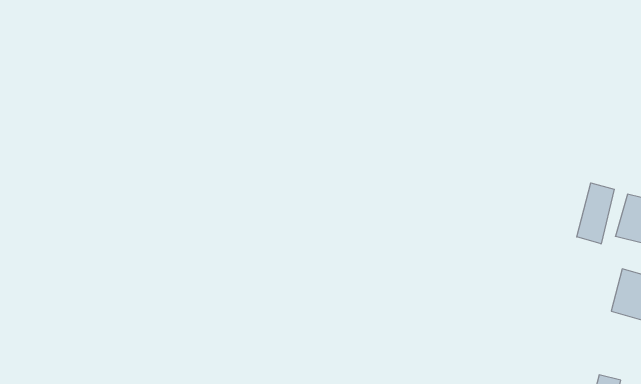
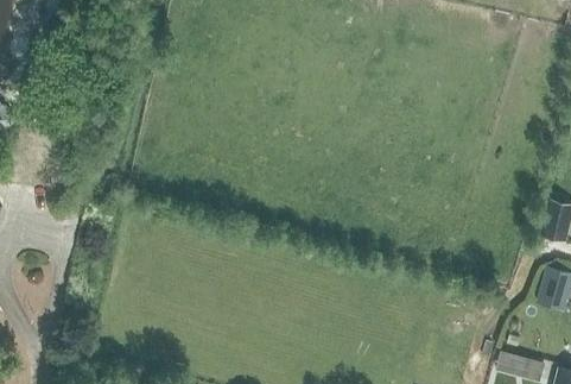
building: [577,183,614,244] -> none

